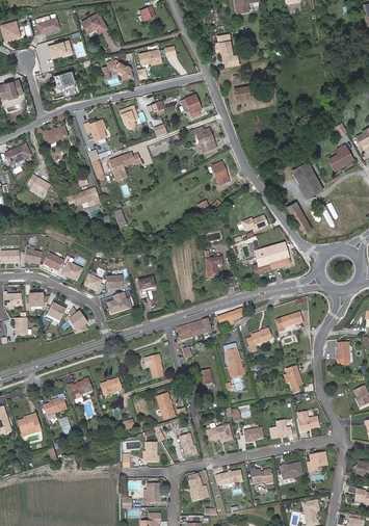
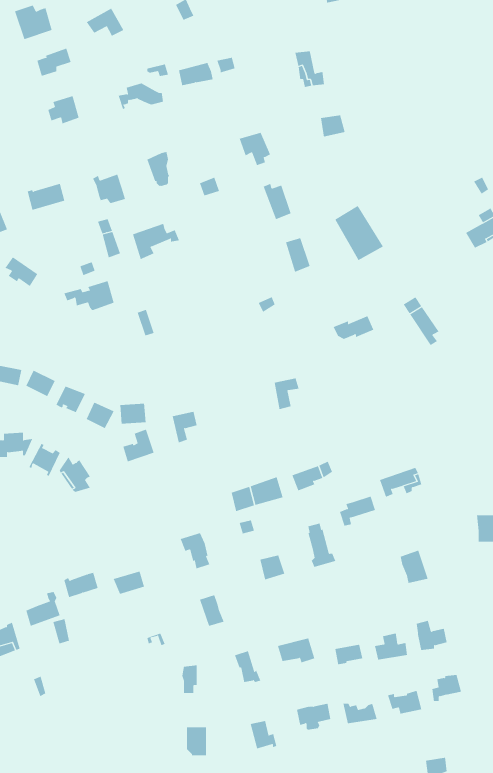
building: [292,160,324,196] -> [334,205,384,261]
building: [256,242,291,272] -> none

